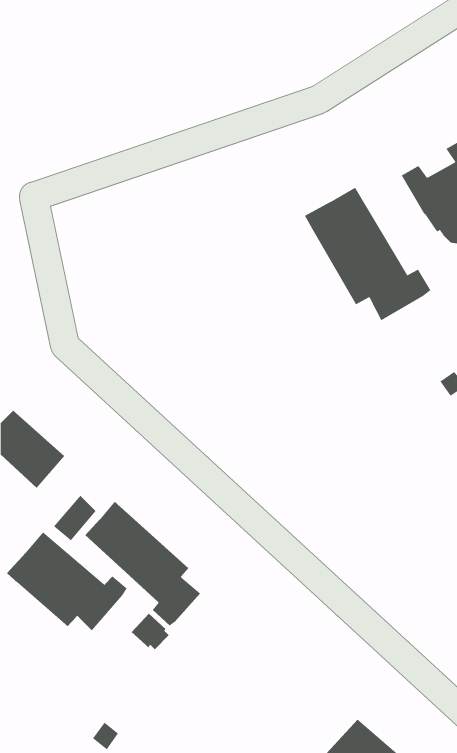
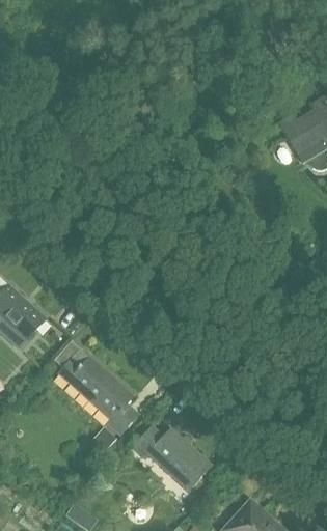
building: [304,187,431,321] -> none
building: [6,532,128,631] -> none
building: none -> [133,423,212,488]

